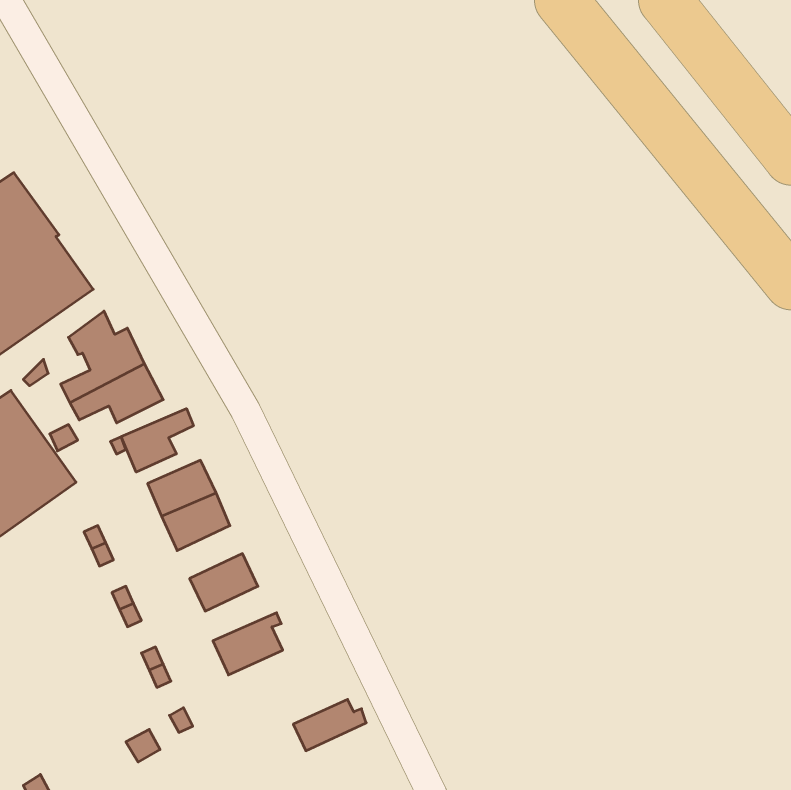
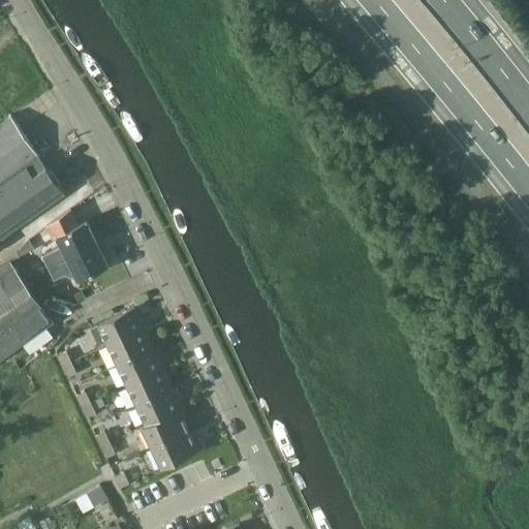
building: [121,409,193,472] -> none
building: none -> [118,352,161,387]
building: none -> [136,393,184,429]
building: [293,699,366,751] -> [152,435,200,469]

